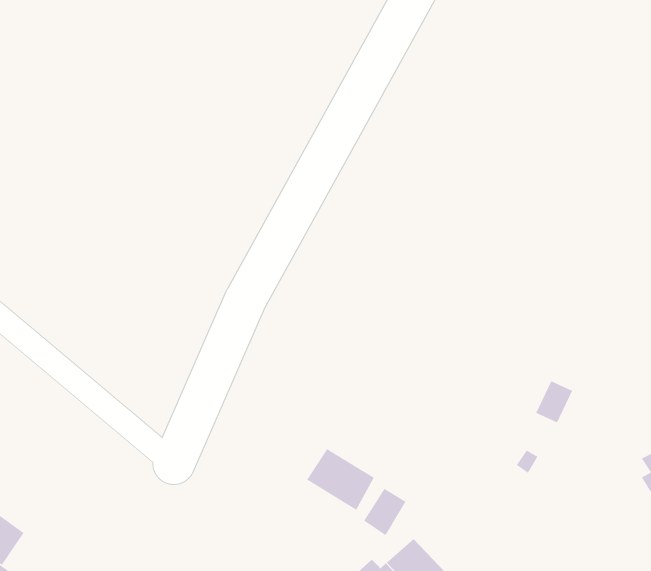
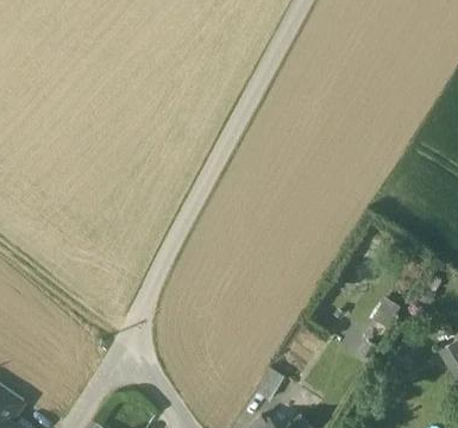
building: [306,448,375,511] -> none

